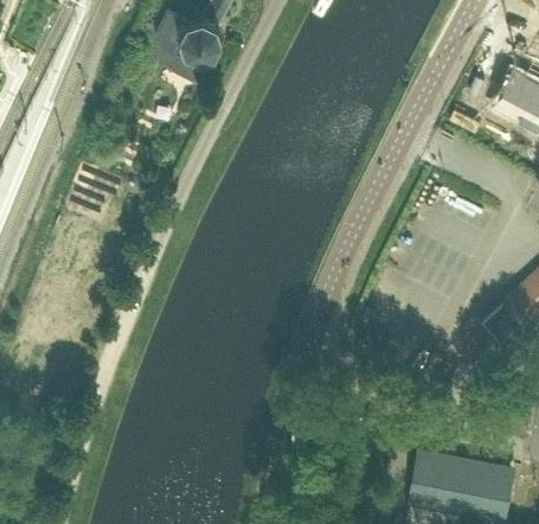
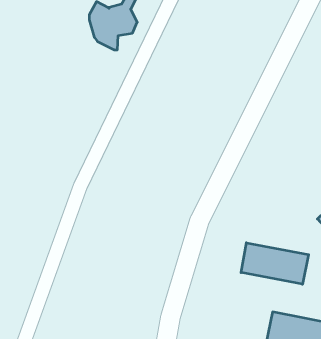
building: none -> [241,243,309,284]

